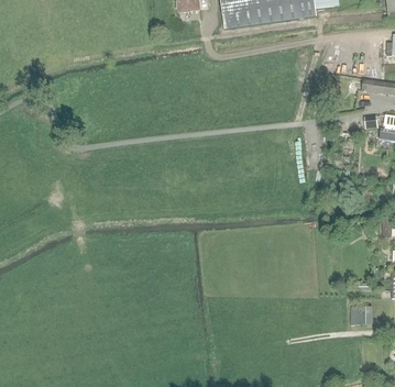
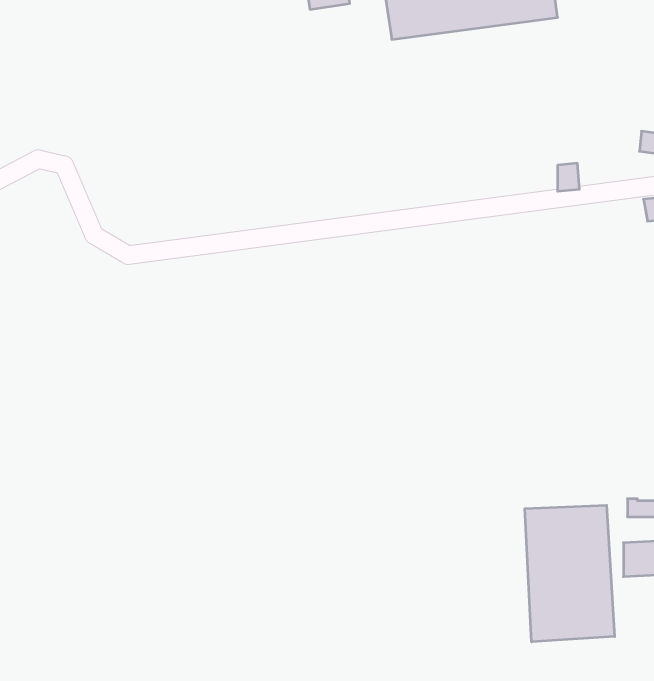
building: none -> [525,505,615,642]

